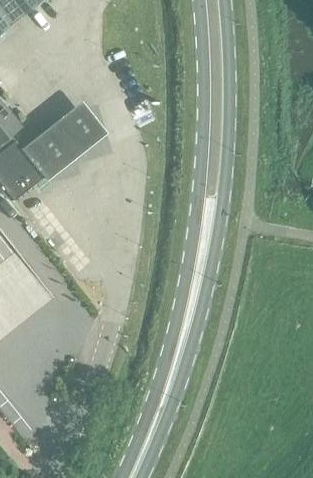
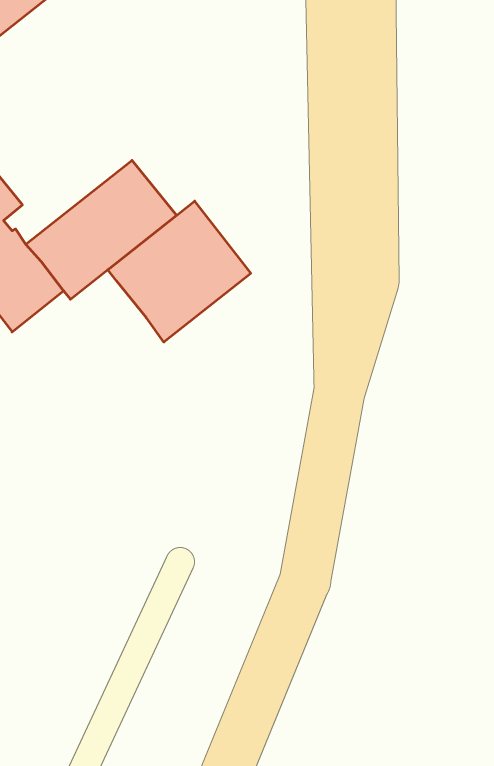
building: none -> [108,201,251,342]

